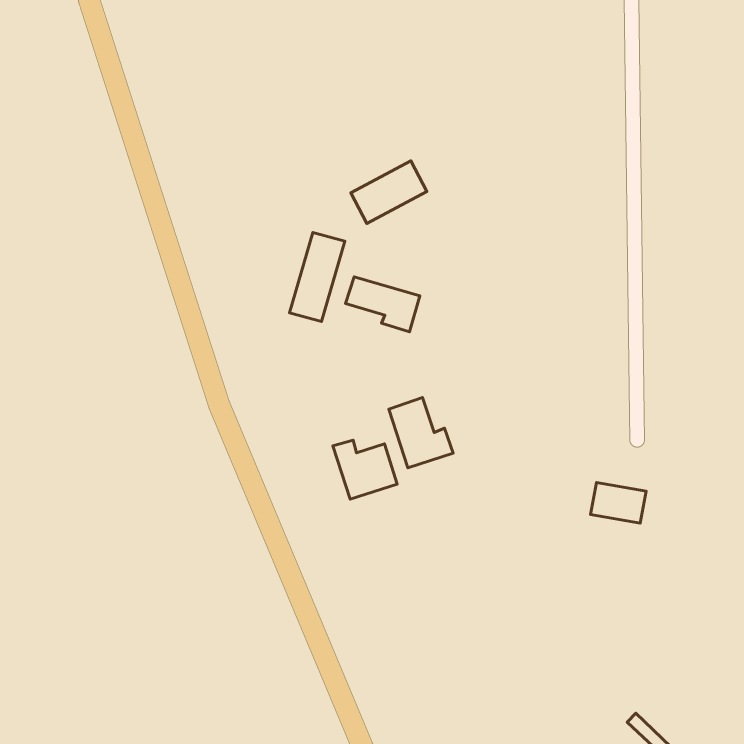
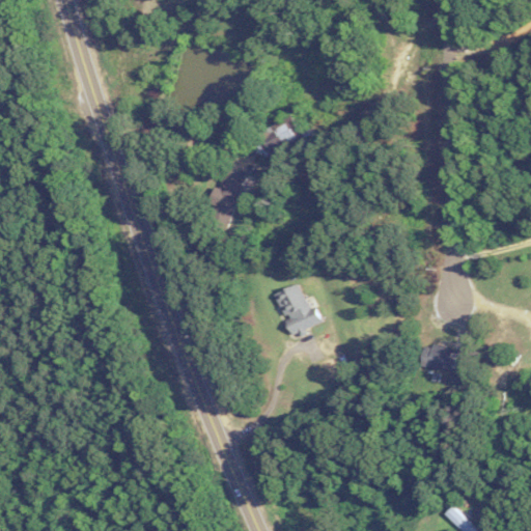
building: [346,277,420,332] -> none
building: [333,440,397,499] -> none

